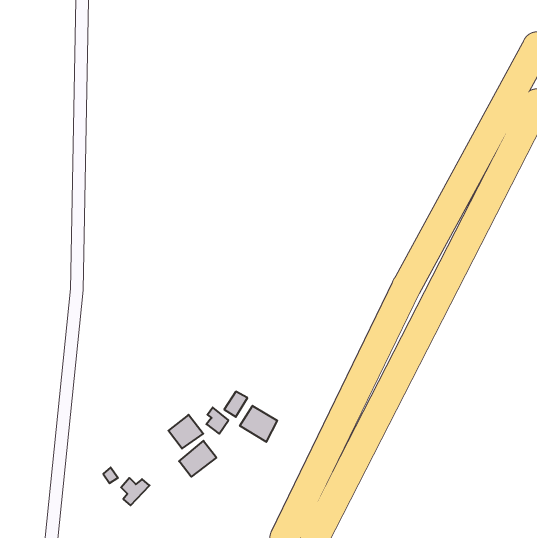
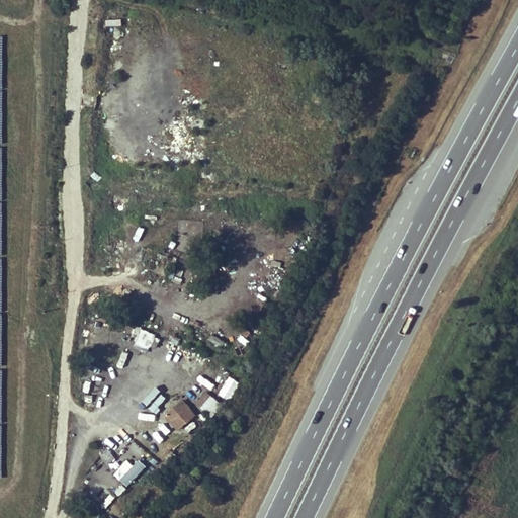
building: [240,406,277,442] -> none
building: [179,441,216,477] -> none

